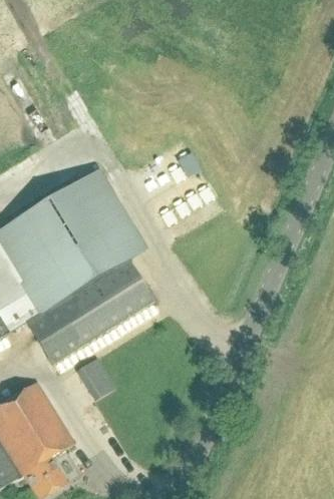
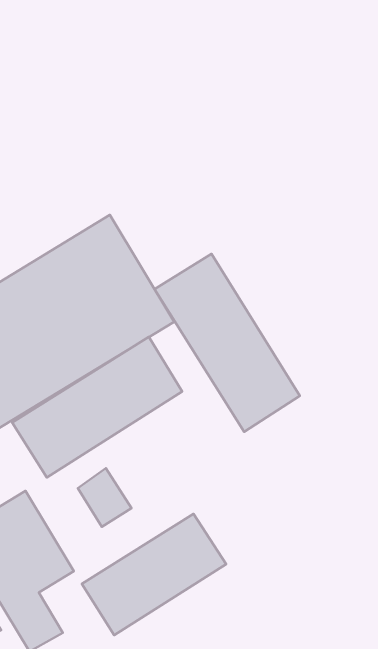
building: none -> [155,254,300,432]
building: none -> [82,514,226,635]

